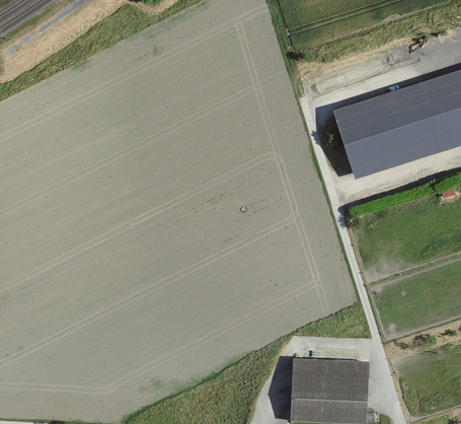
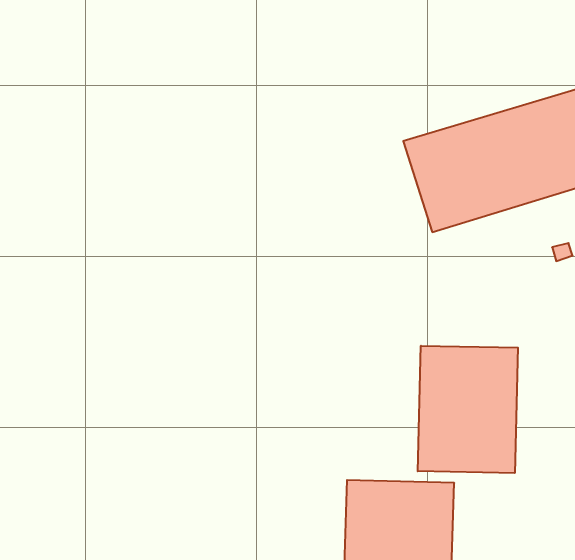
building: none -> [418,346,518,473]

